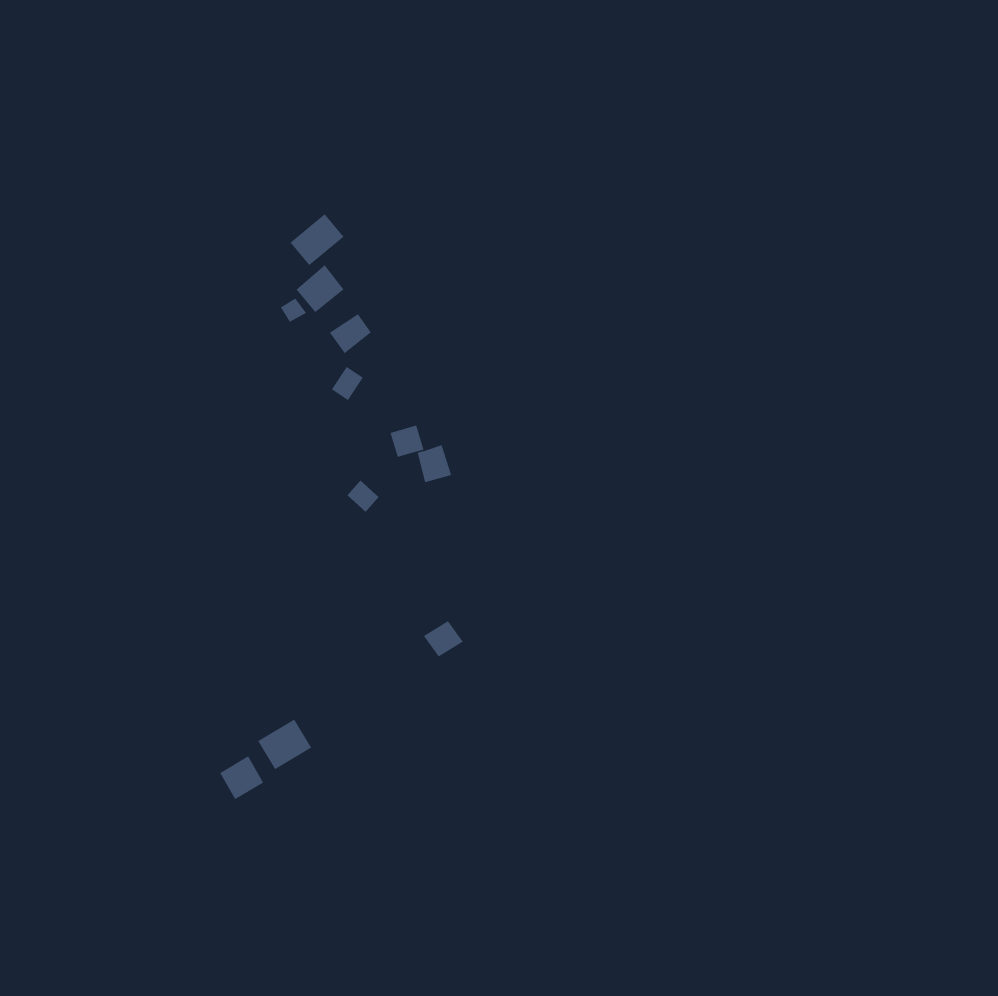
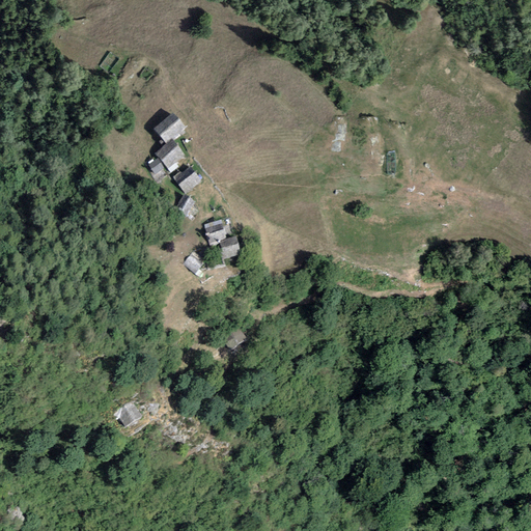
building: [257,718,312,770] -> none

